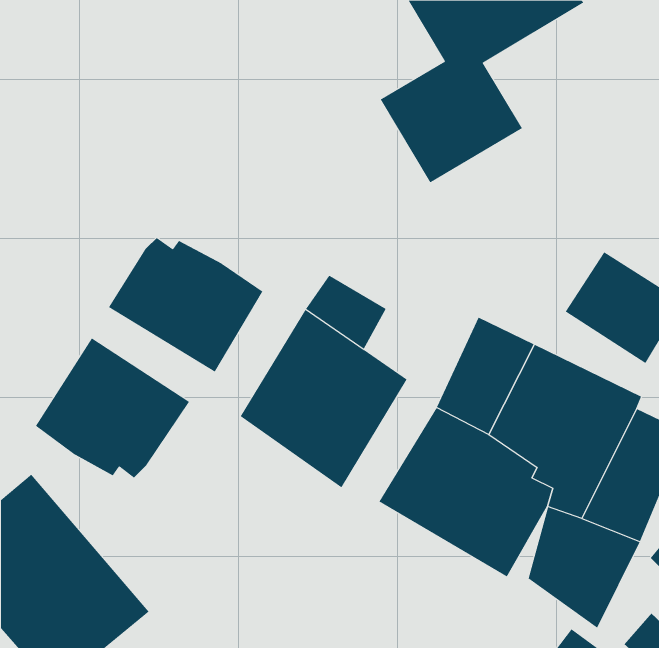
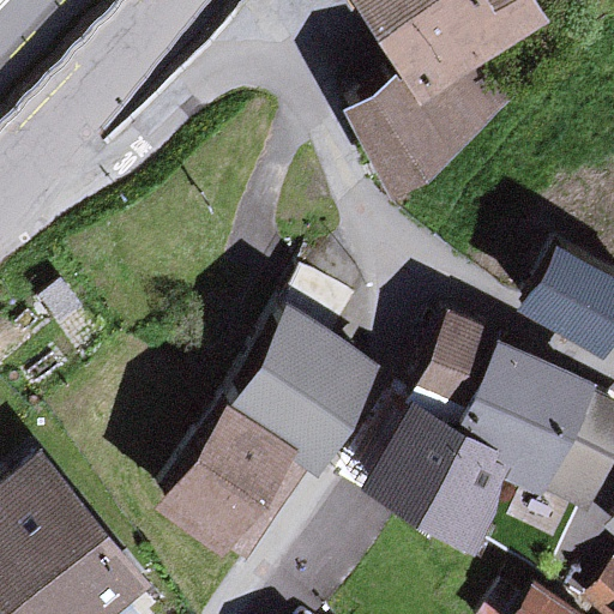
building: [108,237,263,373] -> none
building: [35,338,190,479] -> none
building: none -> [162,413,296,552]

